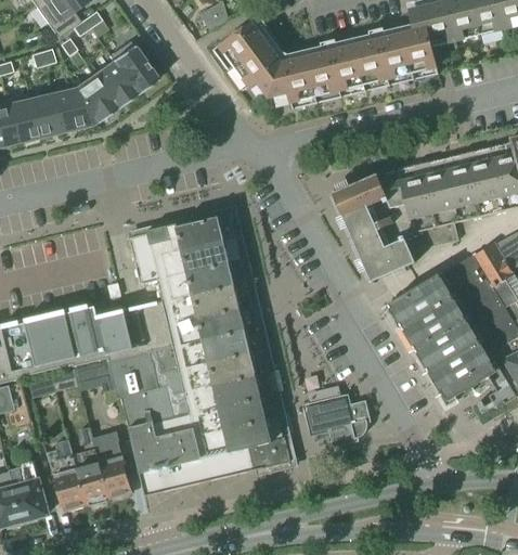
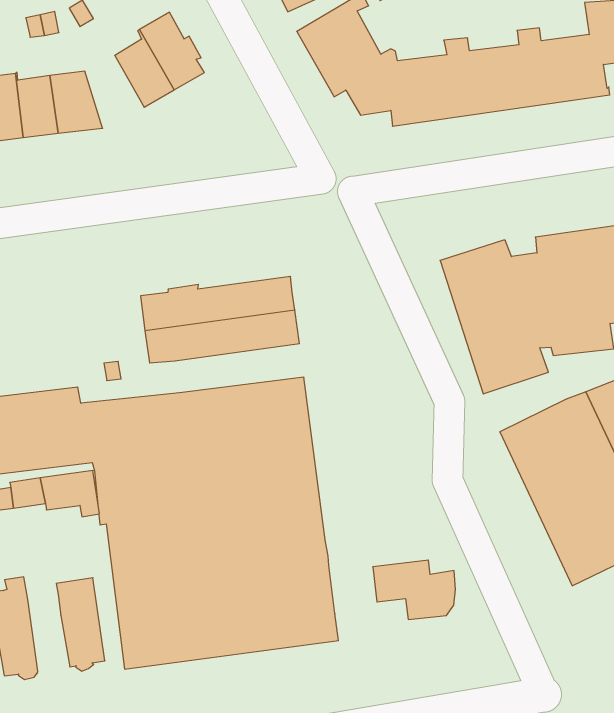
building: [75,74,118,125] -> none
building: [157,259,247,301] -> none
building: [73,428,107,505] -> none

